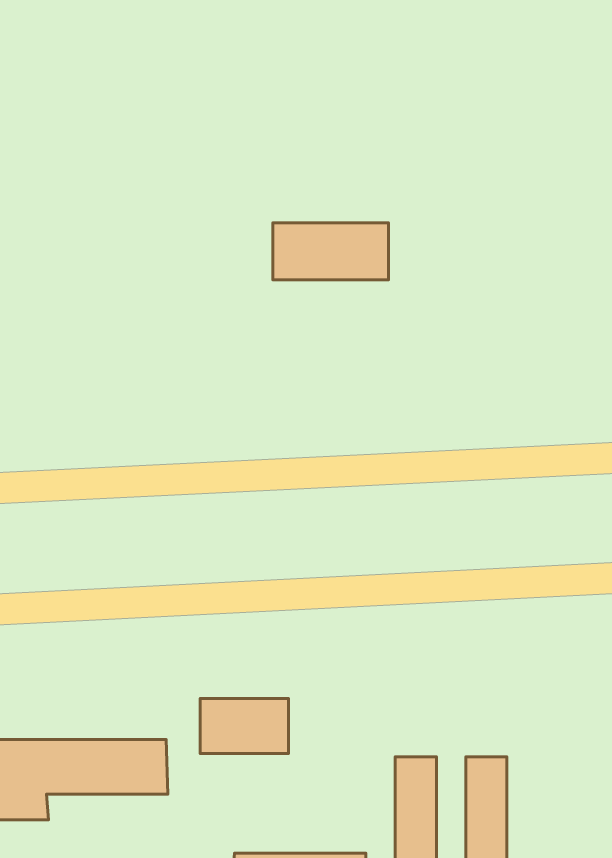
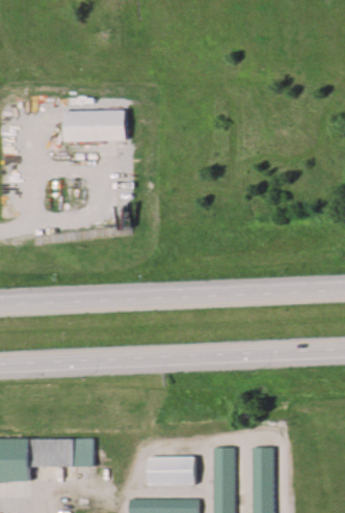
building: [273,223,388,280] -> [63,111,125,141]
building: [200,698,288,753] -> [147,456,193,485]

